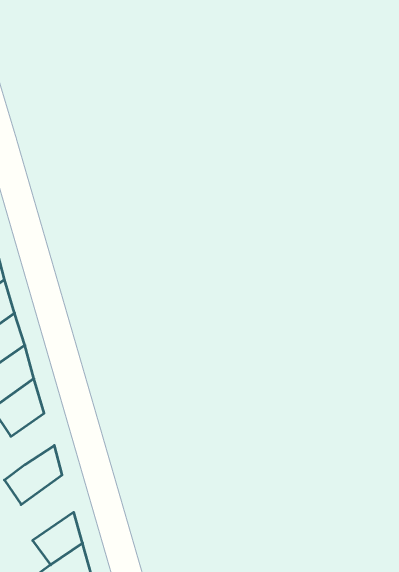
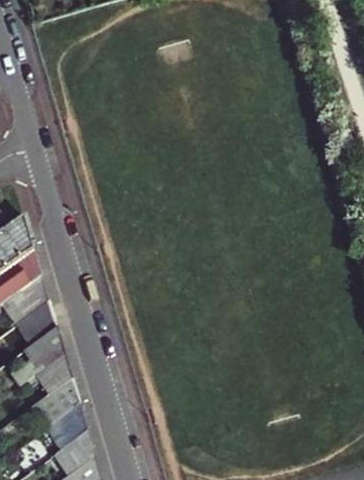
building: none -> [33,354,71,394]
building: none -> [44,402,85,448]

